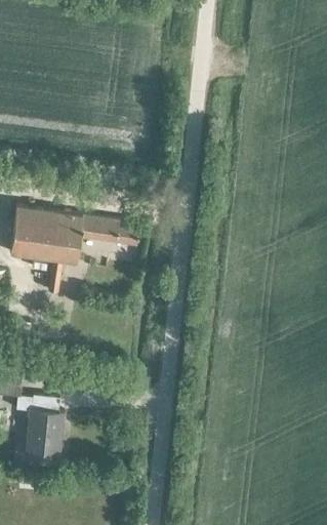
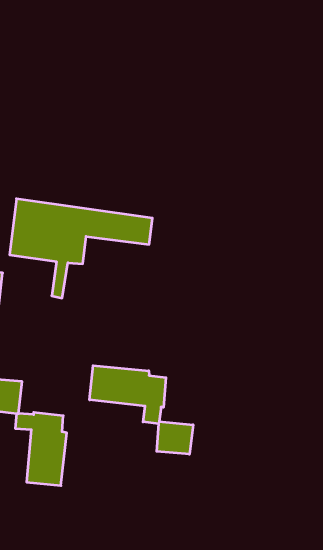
building: none -> [90,366,193,454]

